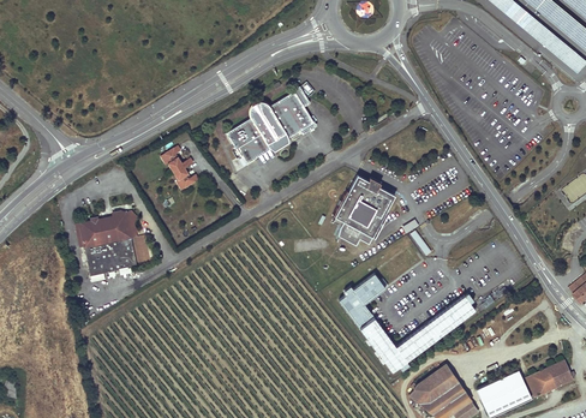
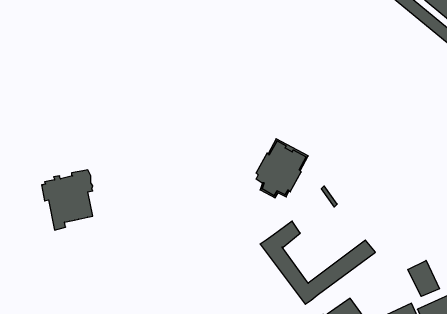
building: [227,89,317,165] -> none
building: [162,147,199,190] -> none
building: none -> [408,260,439,296]

